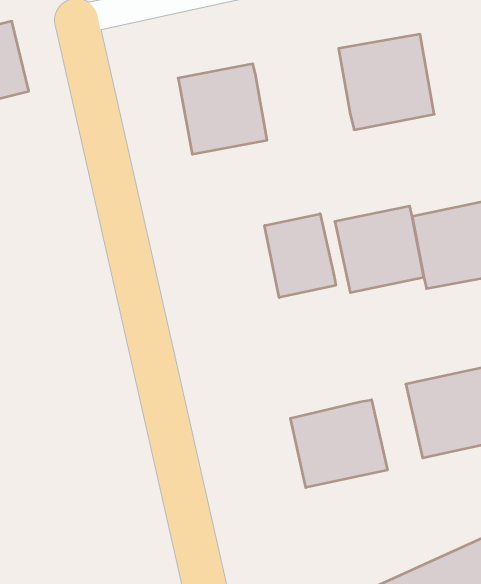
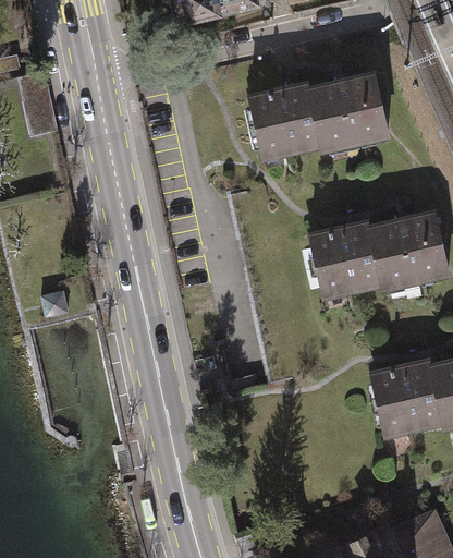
building: [178,64,267,154] -> [245,82,320,158]
building: [265,214,336,298] -> none
building: [290,400,387,488] -> none

